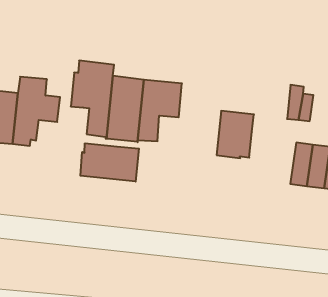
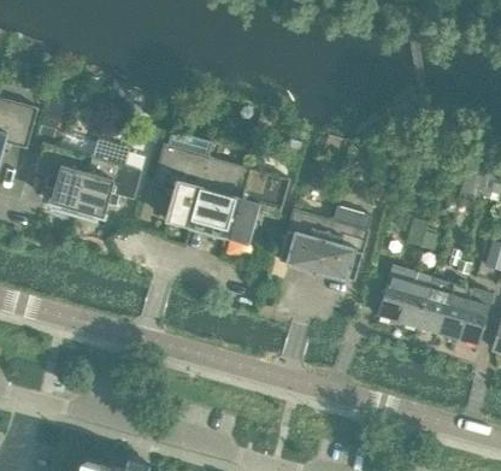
building: none -> [278,208,330,271]
building: none -> [377,266,413,320]
building: [80,143,139,182] -> none

